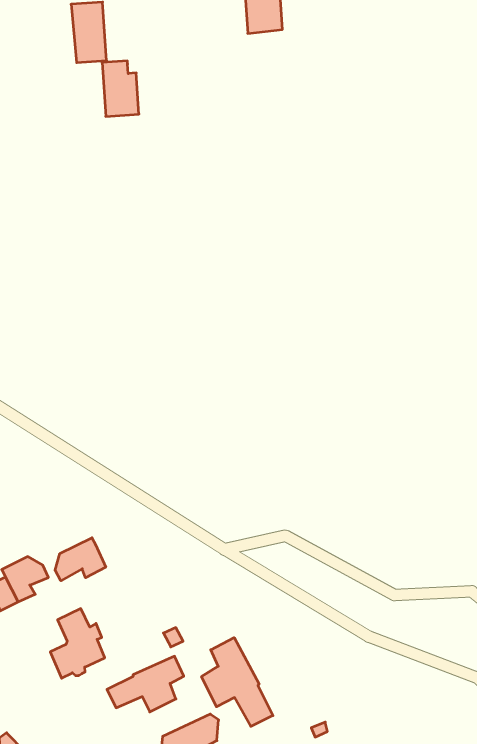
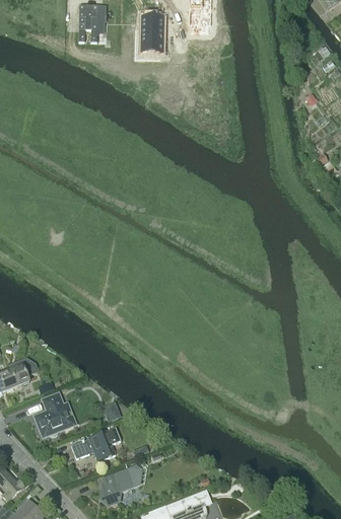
building: [102,61,139,116] -> [140,18,161,53]
building: [55,538,106,581] -> none
building: [202,638,273,726] -> none

